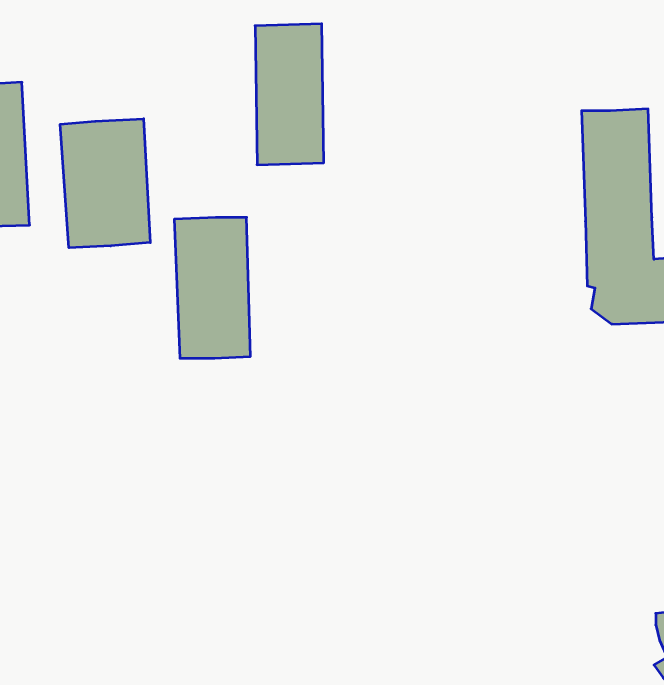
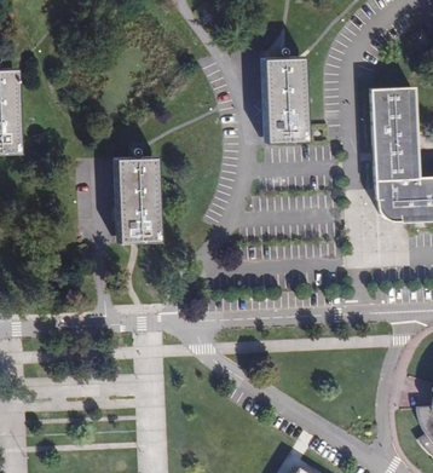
building: [255,24,324,165] -> [264,54,307,144]
building: [60,119,150,248] -> none

